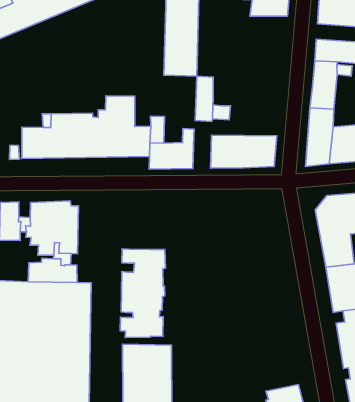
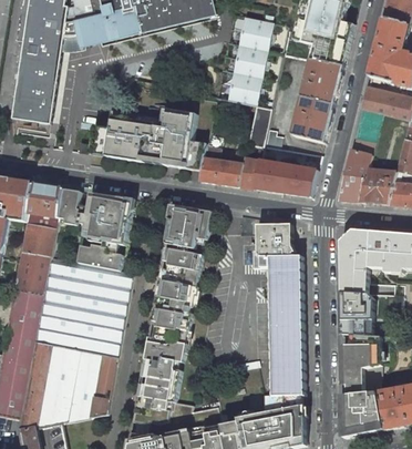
building: none -> [292,60,343,143]
building: none -> [238,157,259,188]
building: none -> [255,222,303,394]
building: none -> [165,206,212,248]

